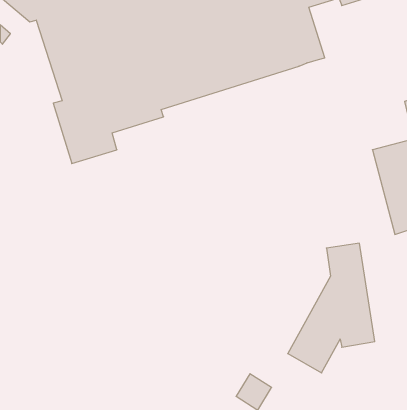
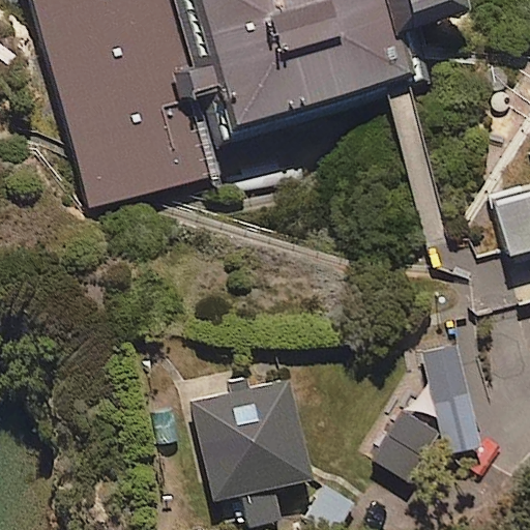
building: none -> [181,373,302,521]

